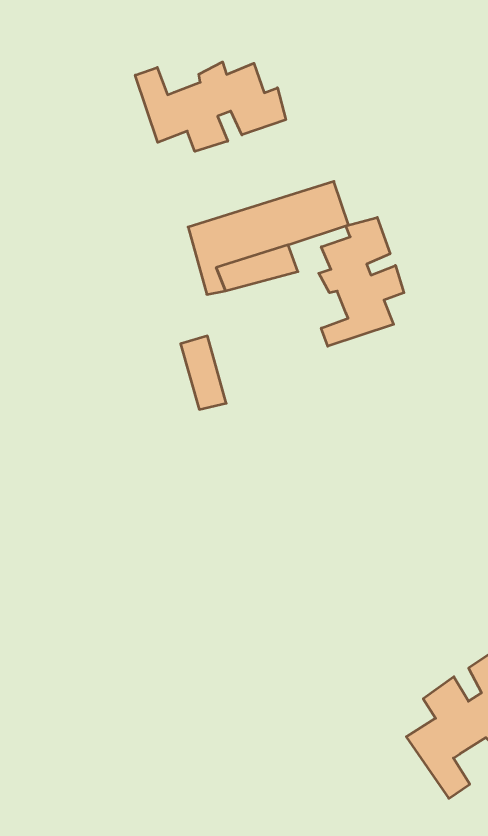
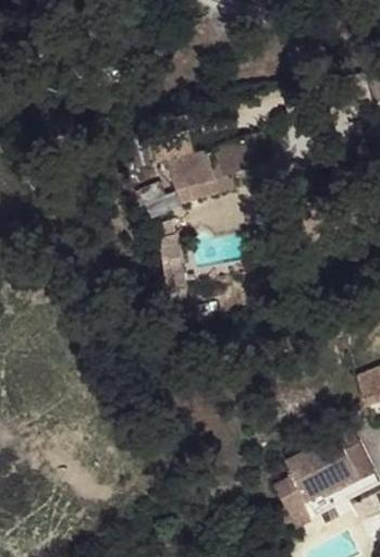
building: [135,62,286,151] -> none
building: [319,217,404,346] -> none

